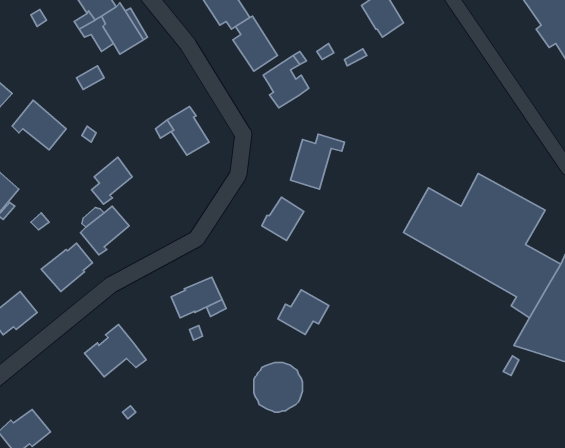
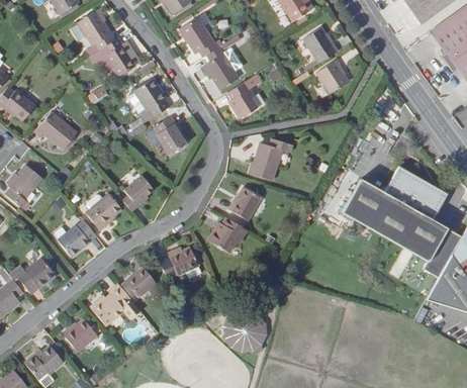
building: none -> [317,58,351,93]
building: none -> [137,77,171,122]
building: [92,157,132,204] -> [124,174,156,210]
building: [278,290,329,334] -> [209,216,249,251]
building: none -> [119,270,151,298]
building: none -> [62,318,96,352]

